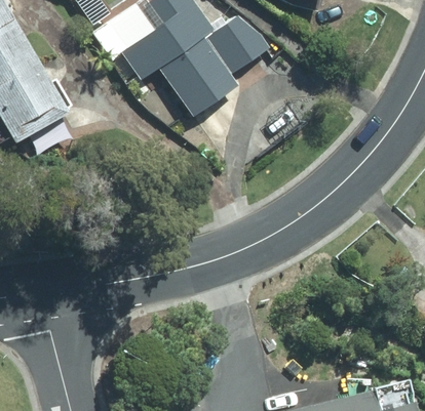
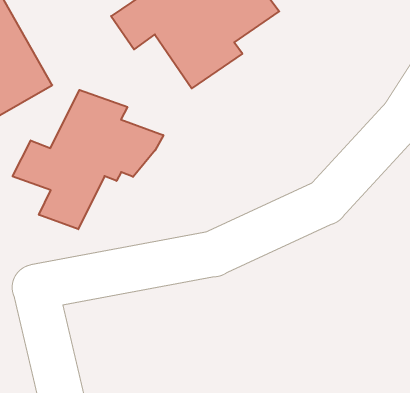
building: none -> [13,90,163,229]

